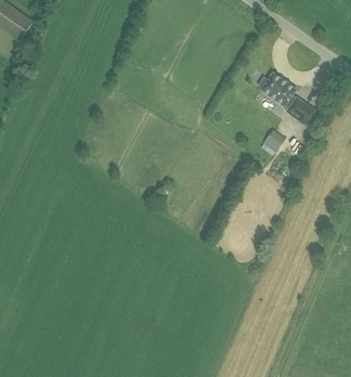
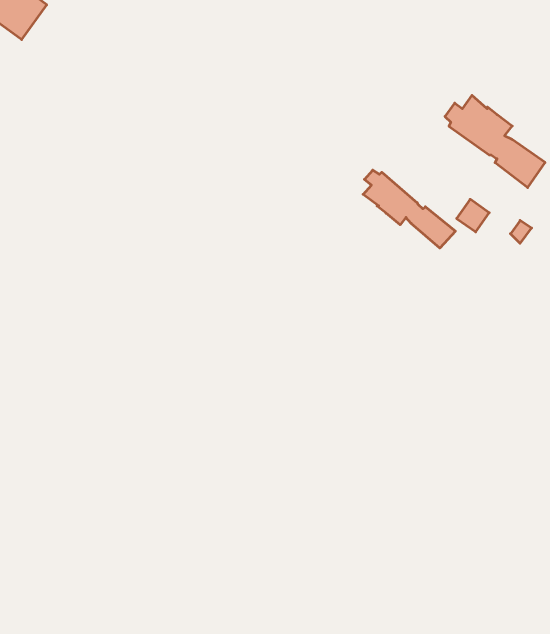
building: none -> [363,170,455,248]

